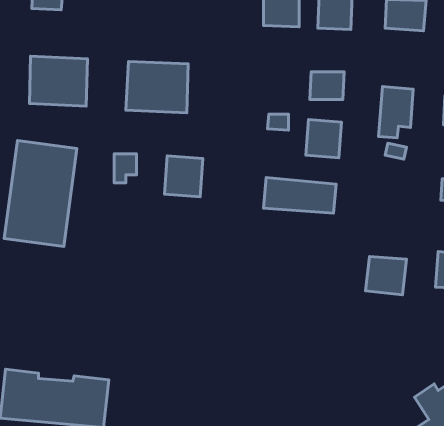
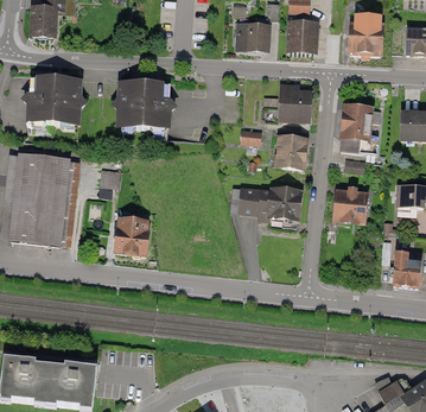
building: [164,156,203,197] -> [115,217,150,254]
building: [365,256,406,295] -> [331,188,368,222]

